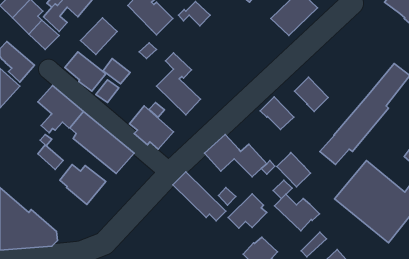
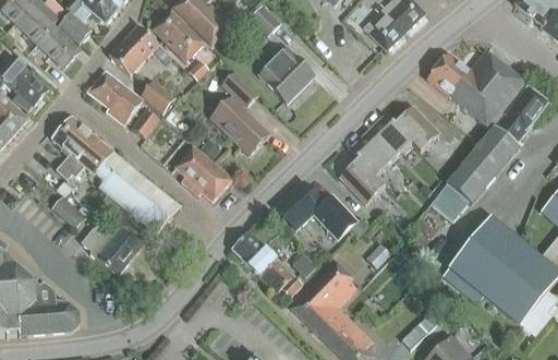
building: none -> [151,8,204,61]
building: none -> [259,47,315,103]
building: none -> [427,50,527,129]
building: none -> [367,113,412,158]
building: [277,153,311,187] -> [340,157,385,203]
building: [275,194,319,231] -> [291,292,351,341]

